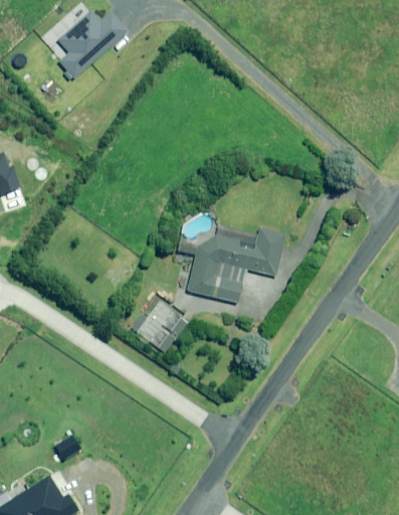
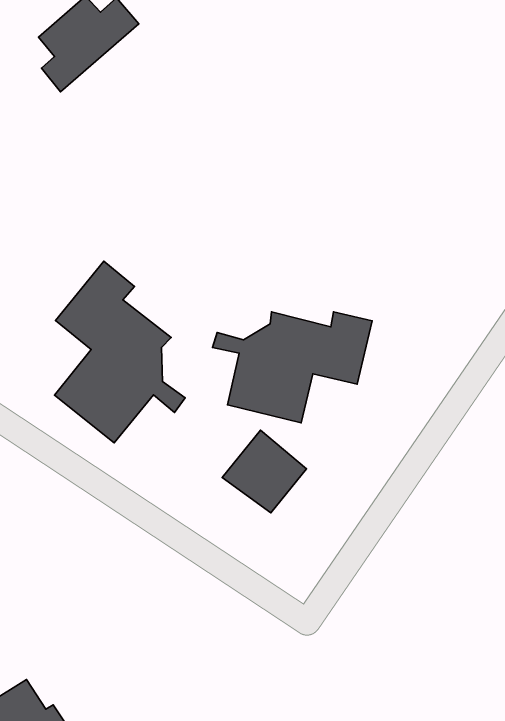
building: none -> [54,261,185,443]
building: [130,296,187,352] -> [222,430,306,513]

